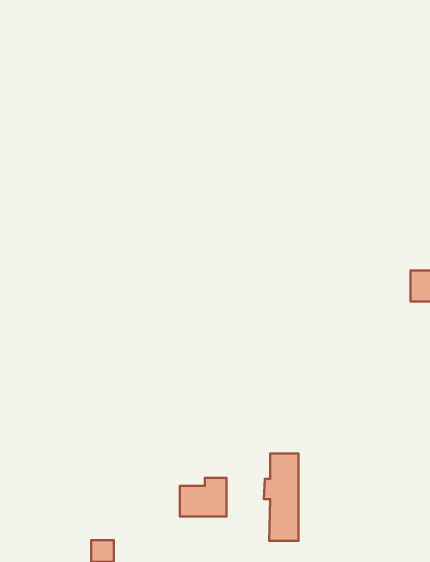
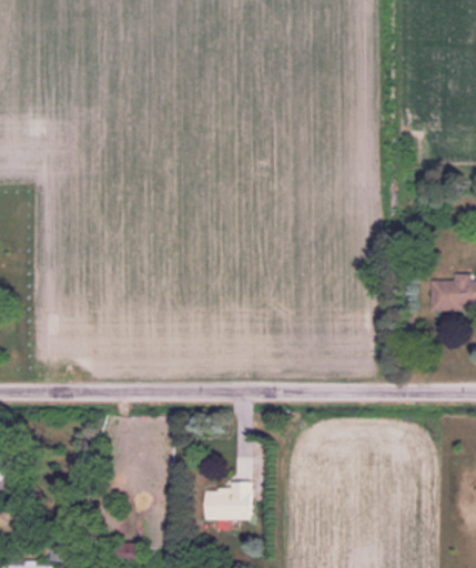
building: [264,454,298,541] -> none

